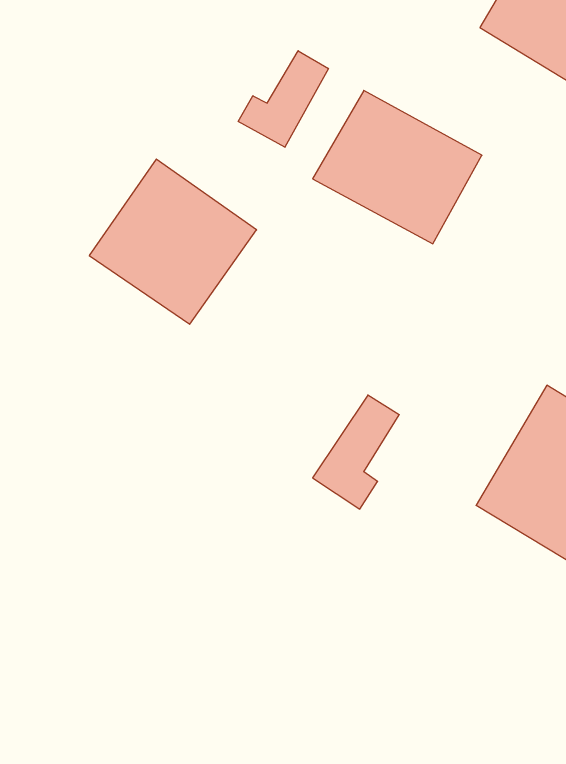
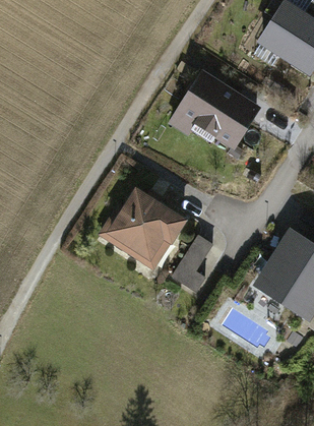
building: [238,51,328,147] -> none
building: [89,159,257,324] -> [103,185,189,270]

